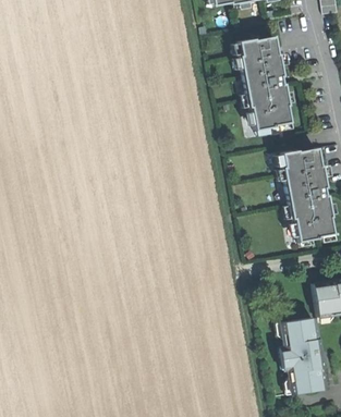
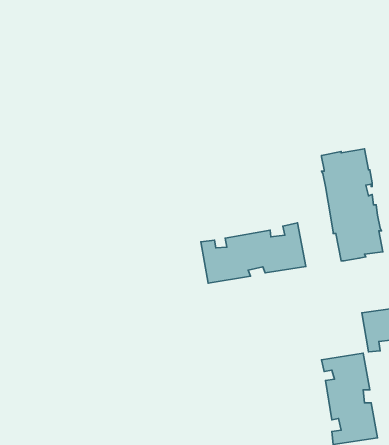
building: [238,35,290,130] -> none
building: none -> [201,223,306,283]

